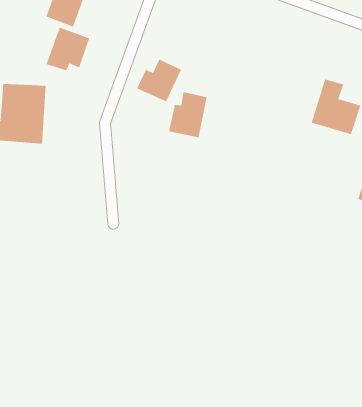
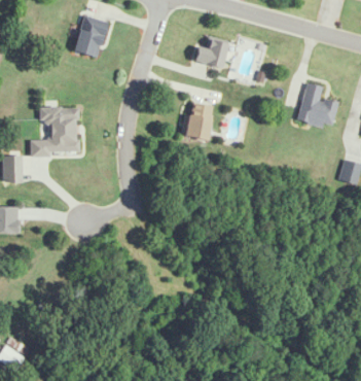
building: [46,27,90,71] -> none
building: [136,59,182,102] -> [193,36,229,71]

